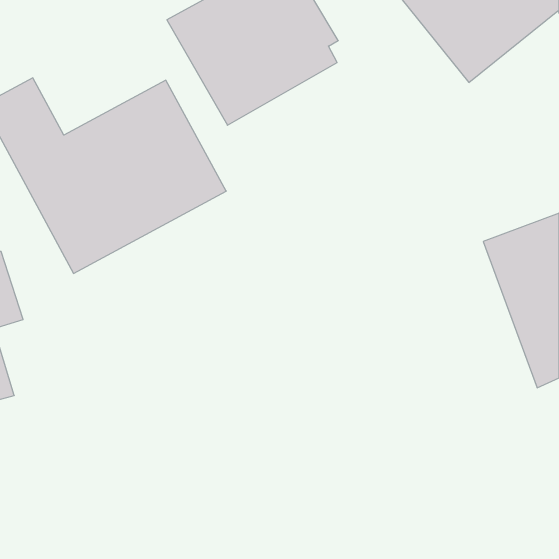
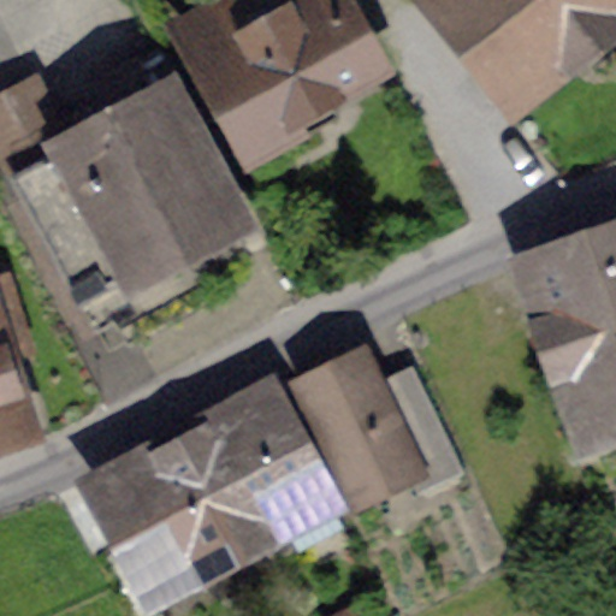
building: none -> [304,365,457,494]
building: none -> [102,395,334,587]

